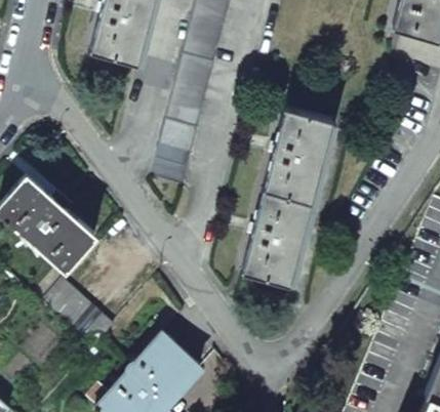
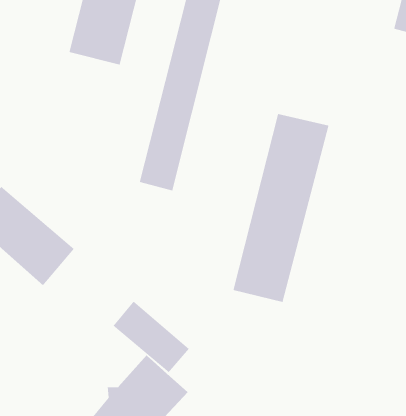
building: [42,279,114,346] -> [113,300,190,373]

